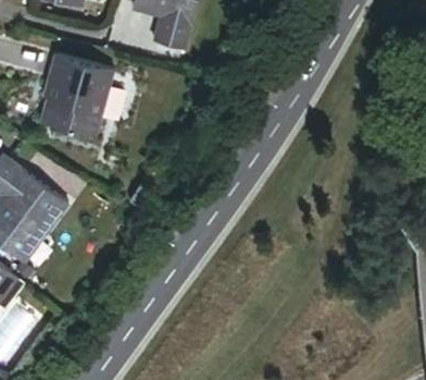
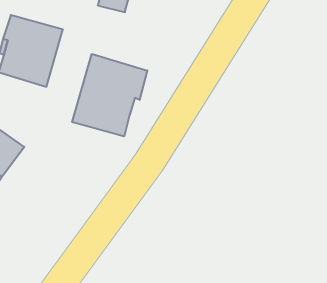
building: none -> [72,54,147,136]

